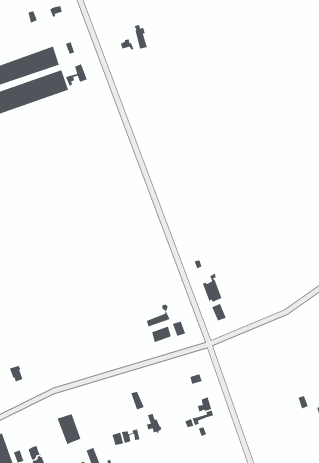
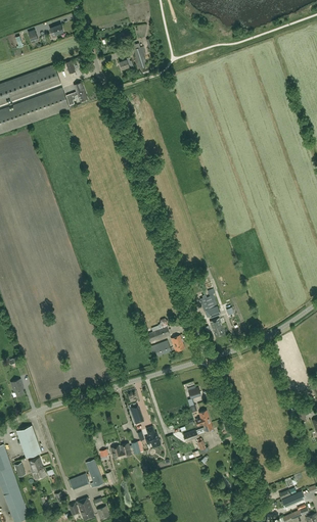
building: [57,413,81,445] -> [16,426,41,458]

